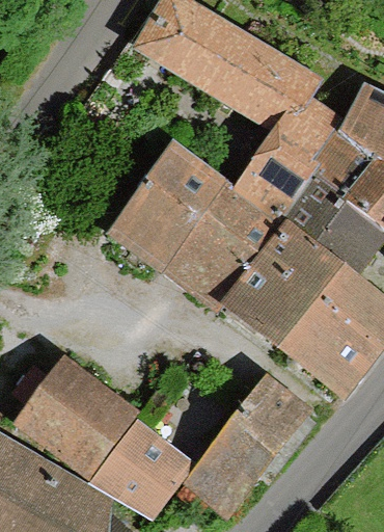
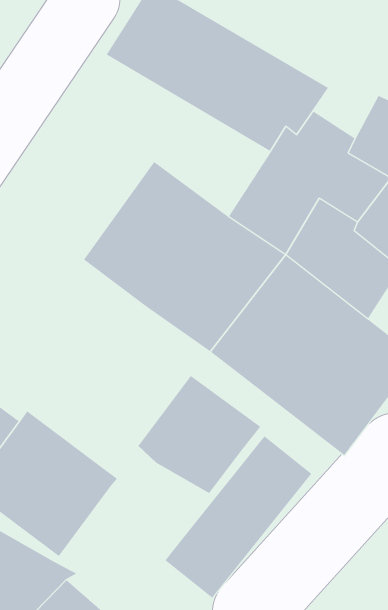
building: [91,422,198,525] -> [138,375,261,494]

